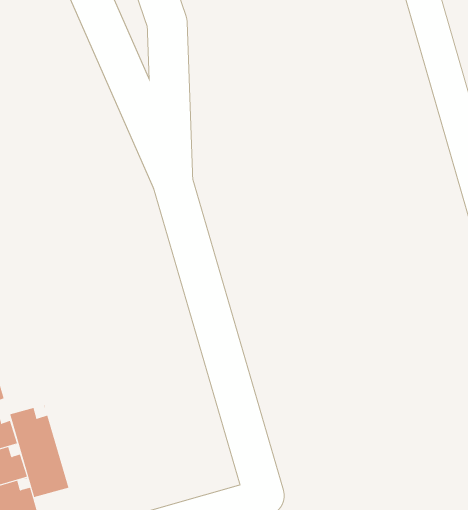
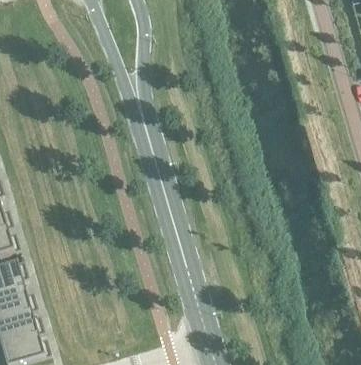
building: [9,404,69,498] -> none

